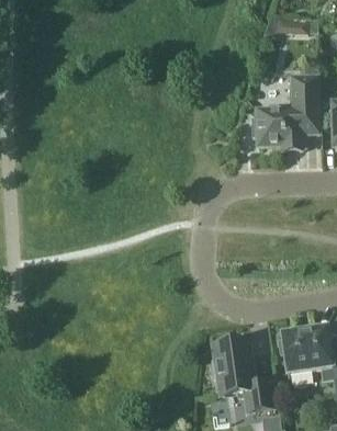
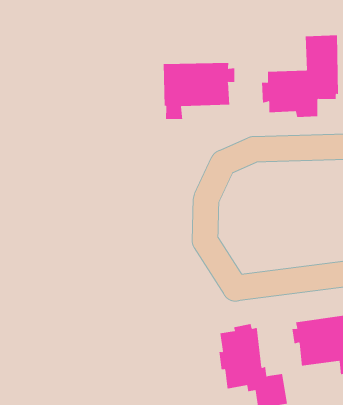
building: none -> [163,62,235,120]

